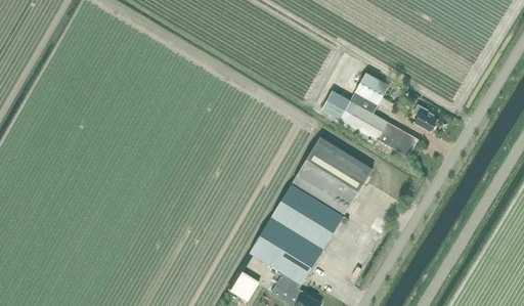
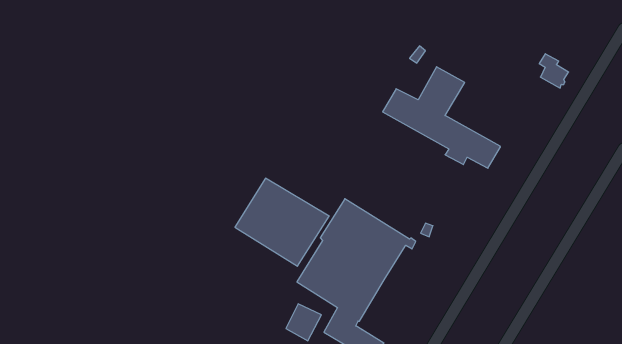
building: [412,103,437,132] -> [539,54,569,88]
building: [293,138,372,212] -> [235,178,329,266]

